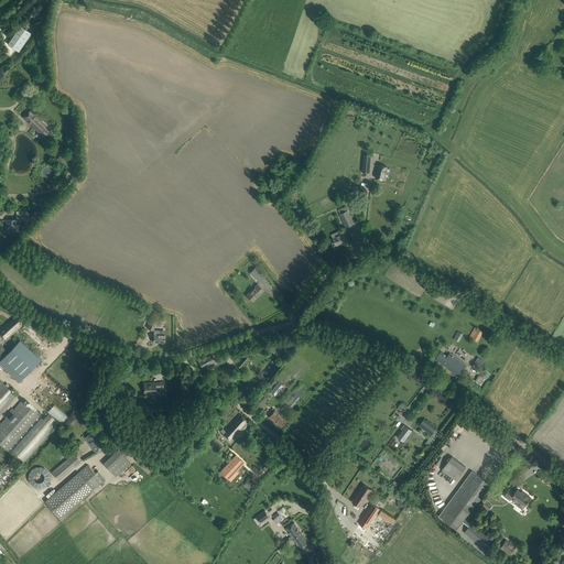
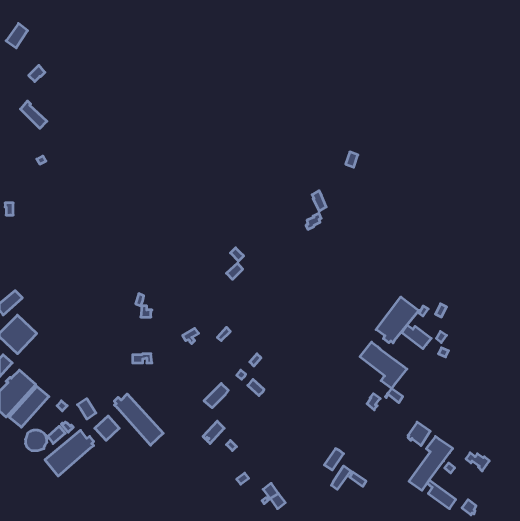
building: none -> [376,297,419,343]
building: none -> [360,342,407,388]
building: none -> [114,394,163,445]

